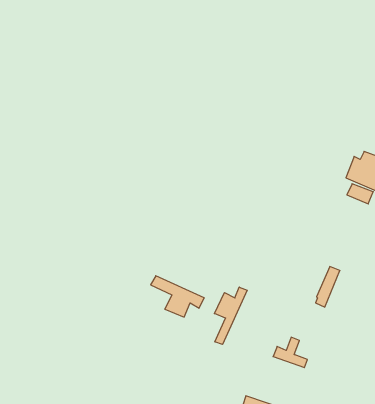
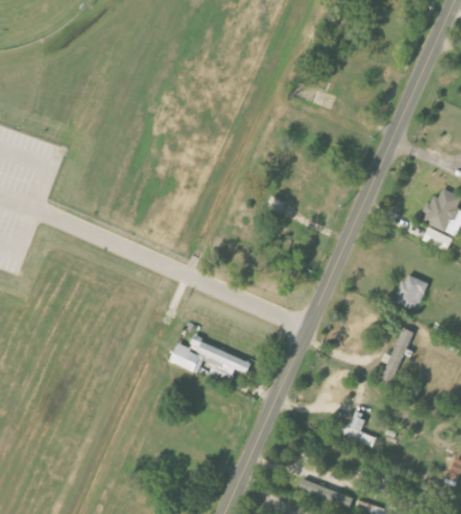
building: none -> [396,271,427,306]
building: none -> [169,342,203,372]
building: [214,287,247,344] -> none

